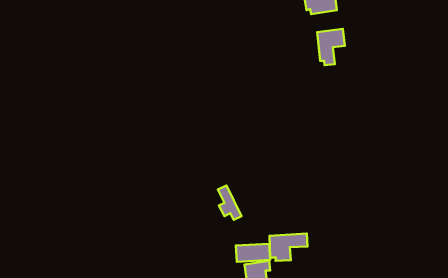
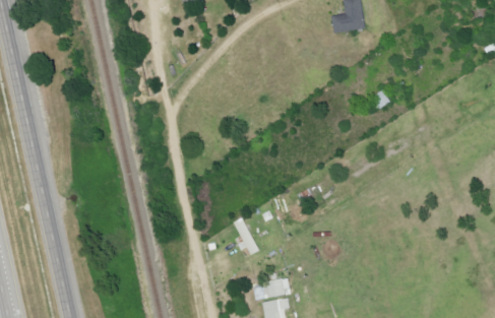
building: [317,29,345,65] -> none
building: [270,234,307,261] -> none

